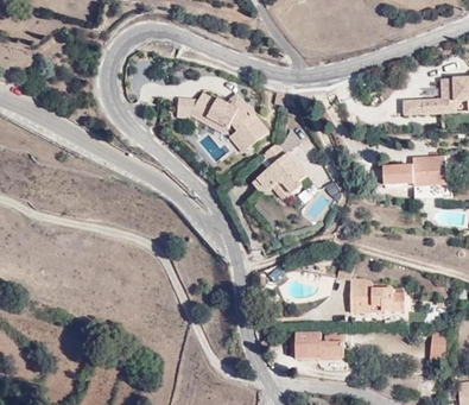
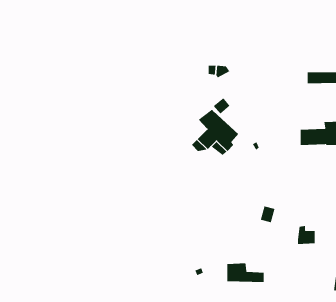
building: [191,88,268,140] -> none
building: [351,286,384,312] -> none

